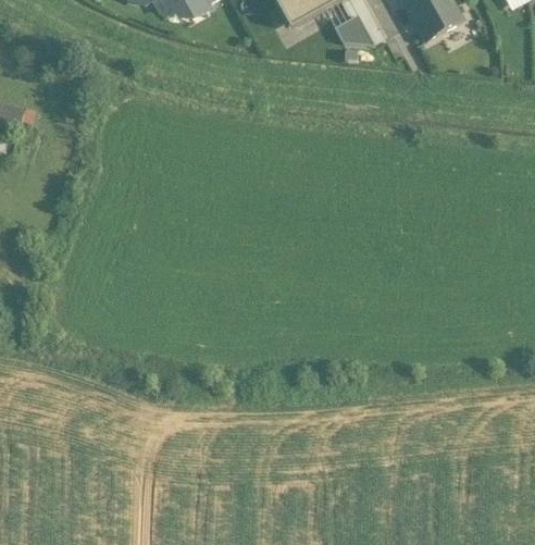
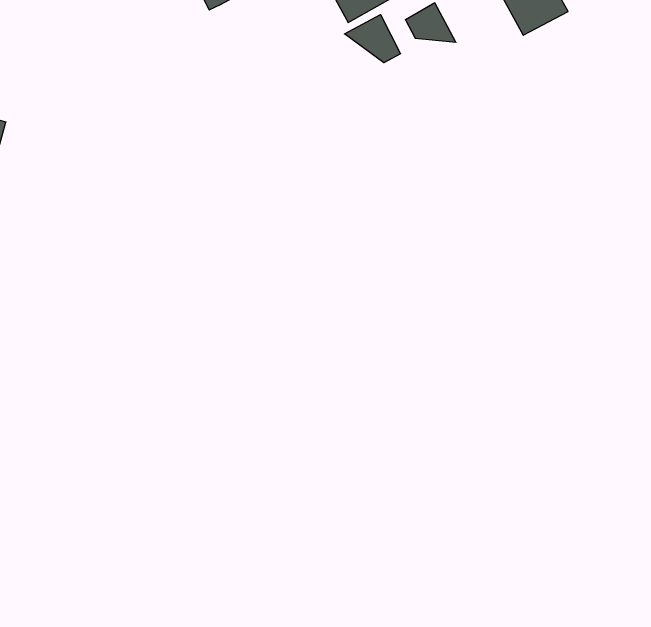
building: none -> [344,15,401,63]

